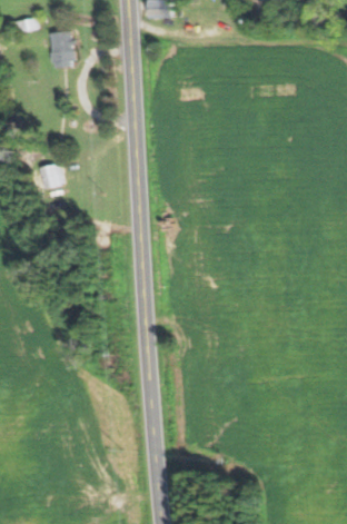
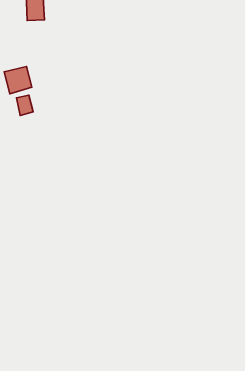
building: none -> [4,66,32,94]

